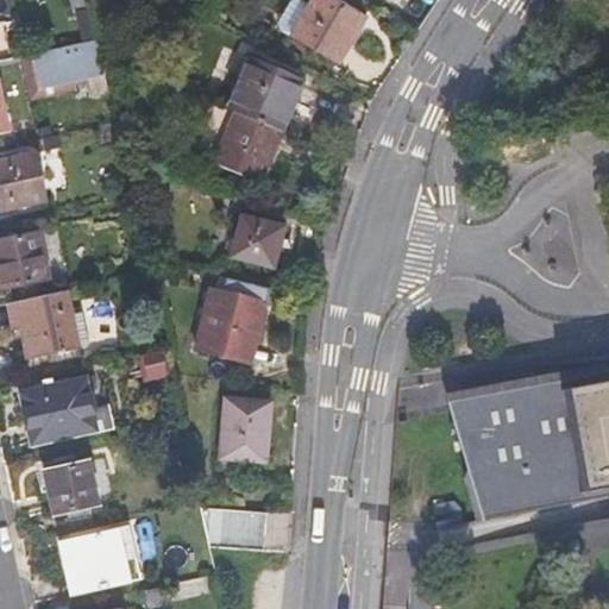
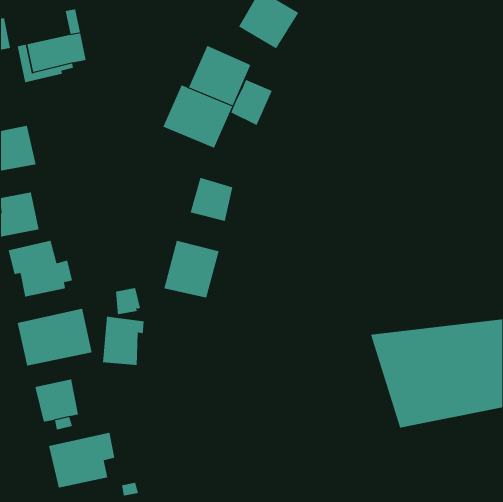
building: none -> [231,79,272,126]
building: [219,396,270,456] -> [102,316,144,365]
building: [202,501,260,548] -> none

